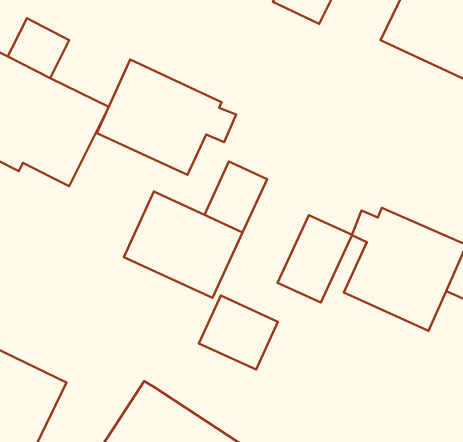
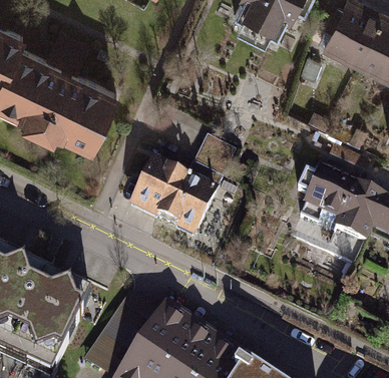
building: [97,60,236,175] -> none
building: [278,215,352,302] -> none
building: [199,296,278,370] -> none

